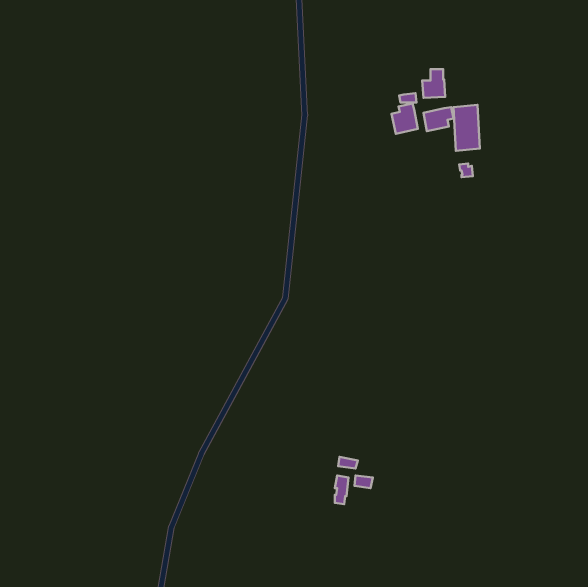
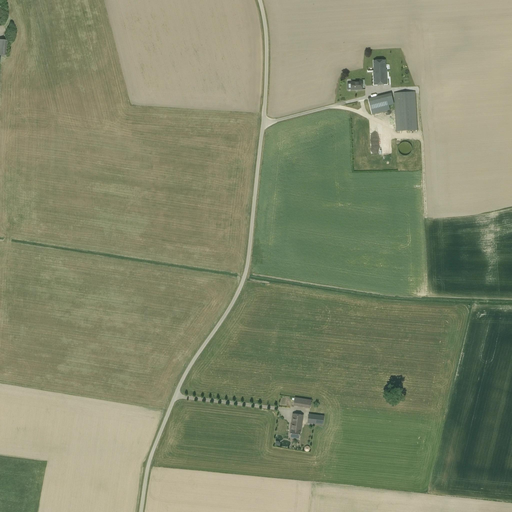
building: [391,103,418,134] -> none

